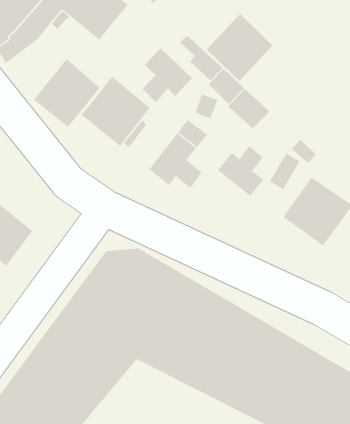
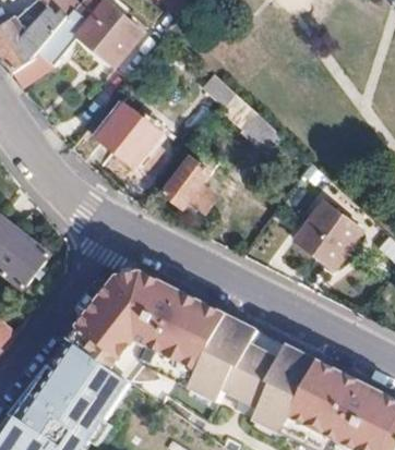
building: [206,13,273,82] -> none
building: [142,47,193,103] -> none
building: [33,58,101,128] -> none
building: [217,145,264,197] -> none

